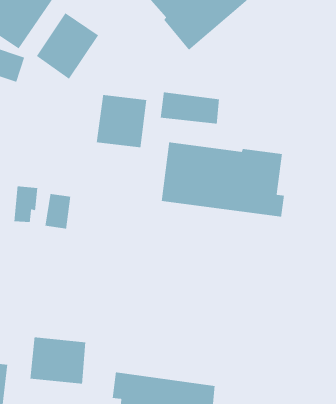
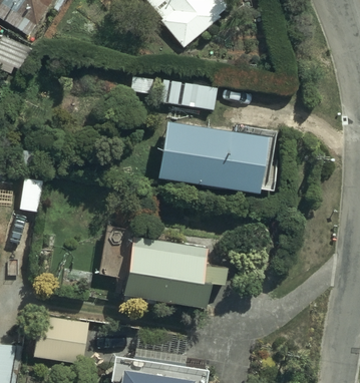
building: [36,12,99,80] -> none
building: [96,94,147,148] -> none
building: none -> [99,220,229,301]

